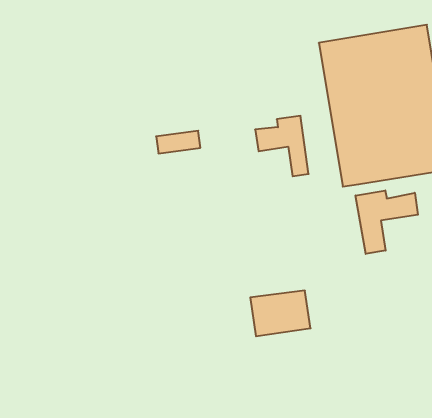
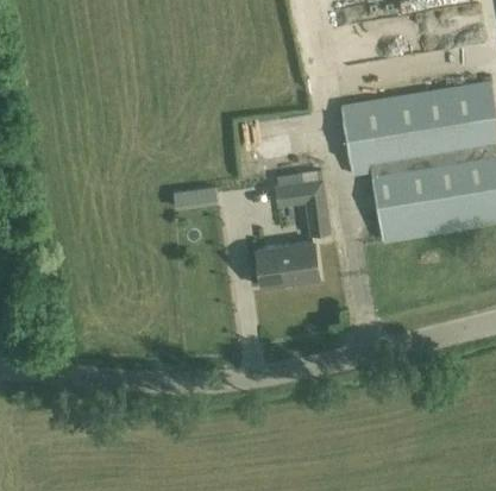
building: [356,190,418,254] -> none
building: [250,291,311,336] -> [257,241,320,289]

